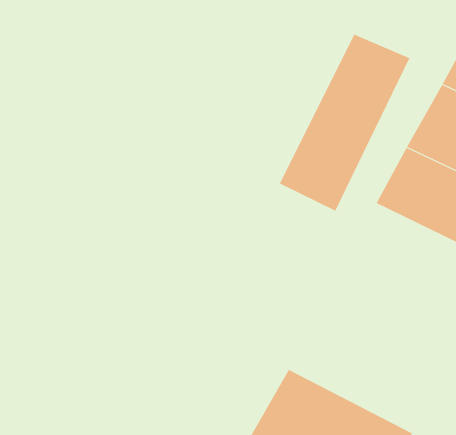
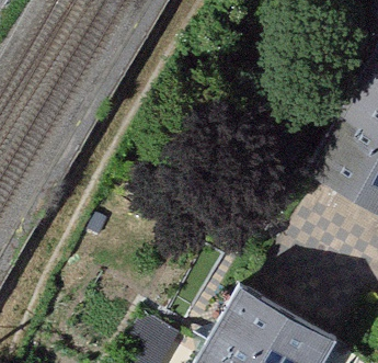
building: [279,34,410,211] -> none

